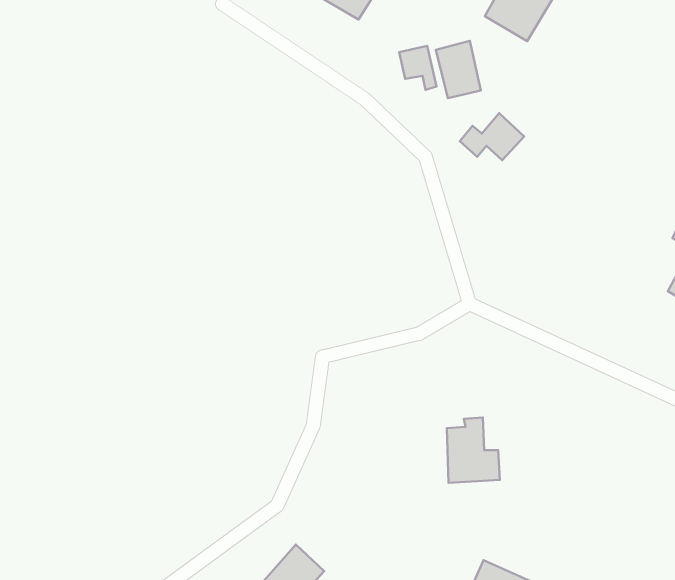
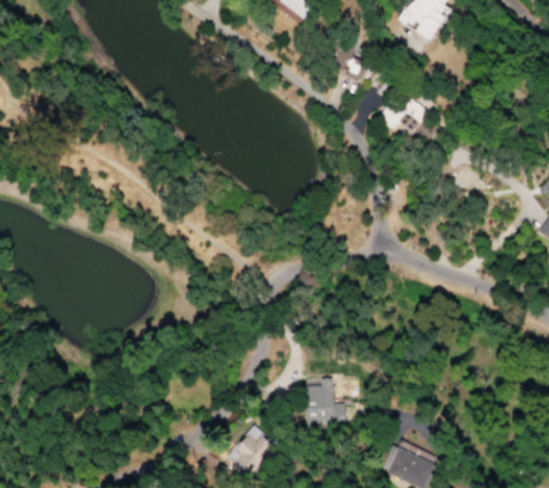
building: [436,41,481,98] -> none
building: [447,417,500,483] -> [305,378,346,428]

